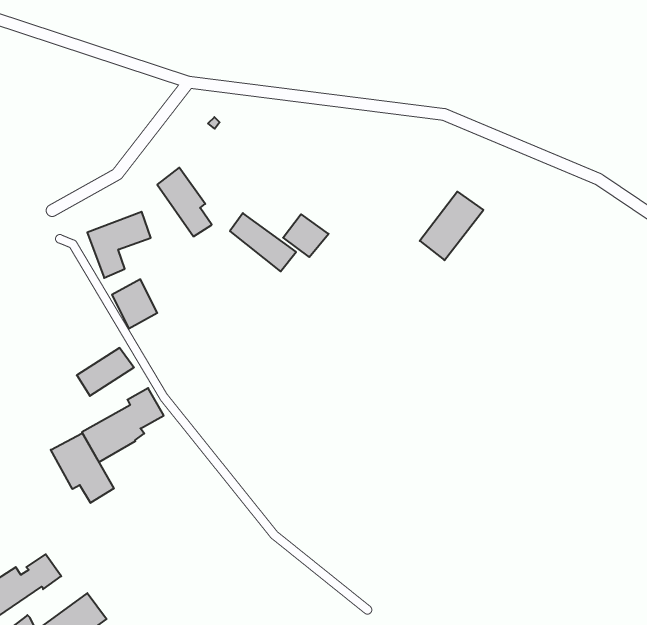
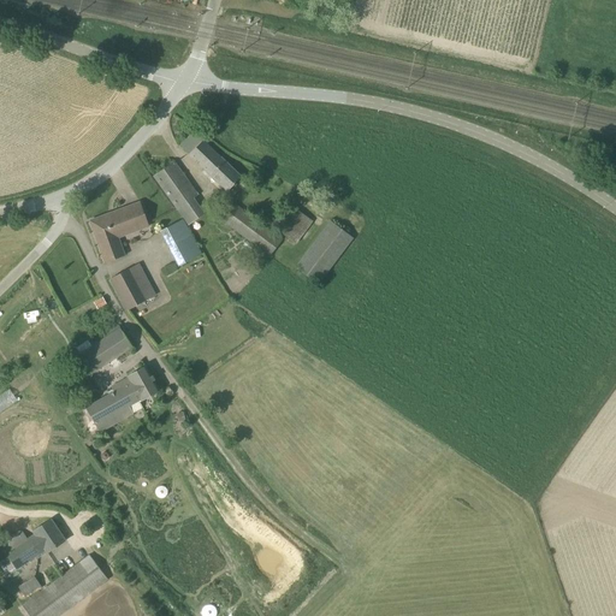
building: none -> [179,130,242,191]
building: [420,192,483,260] -> [295,220,354,284]
building: none -> [160,218,196,256]
building: [51,433,114,503] -> none

